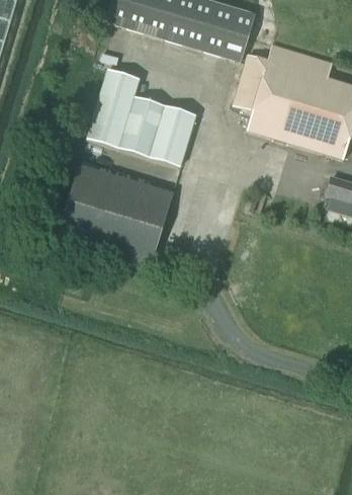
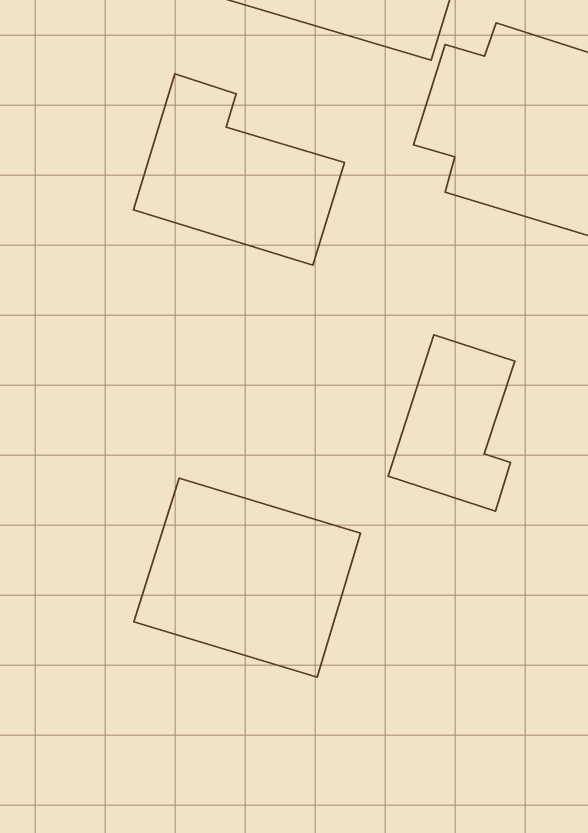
building: [57,164,173,266] -> [134,478,361,677]
building: none -> [388,335,515,511]

